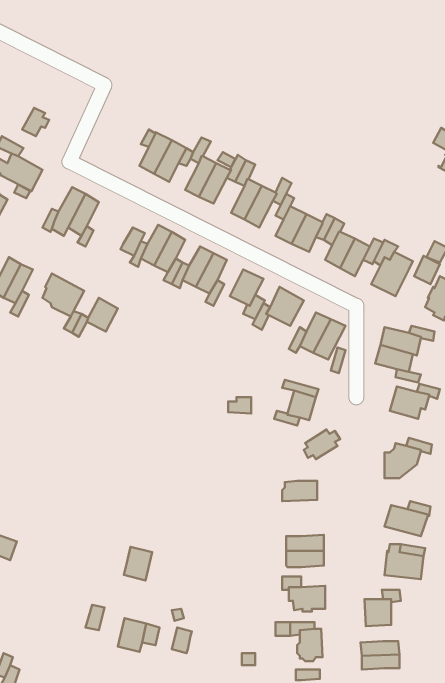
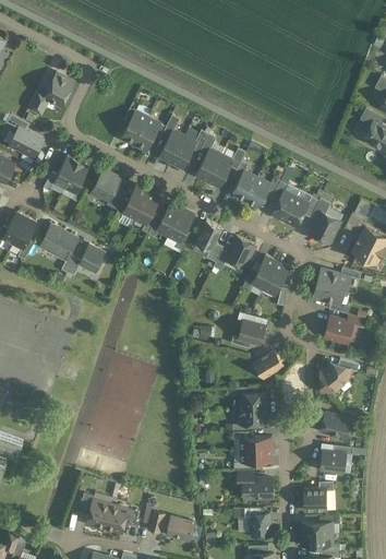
building: none -> [44,73,74,107]
building: none -> [92,169,121,201]
building: none -> [238,408,267,425]
building: [124,547,152,580] -> [87,500,110,527]
building: none -> [161,516,194,542]

